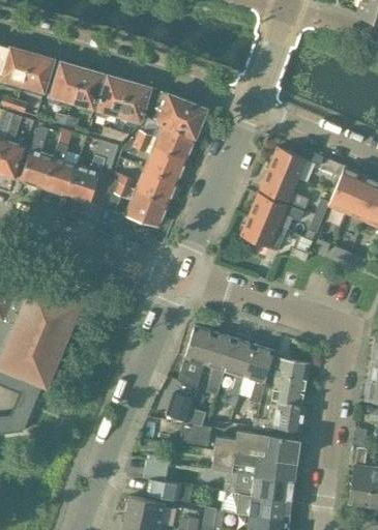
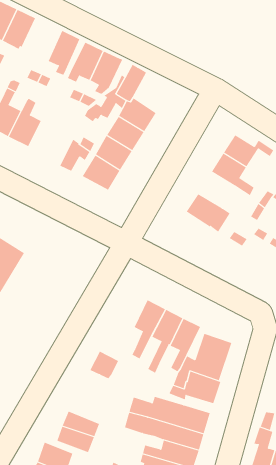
building: [49,62,82,107] -> none
building: [167,98,206,139] -> none
building: [66,141,117,203] -> none
building: [250,194,302,227] -> none
building: [177,328,214,388] -> none
building: [179,423,211,447] -> none

